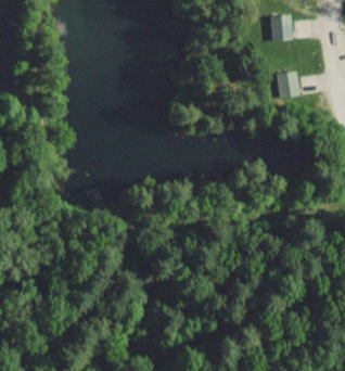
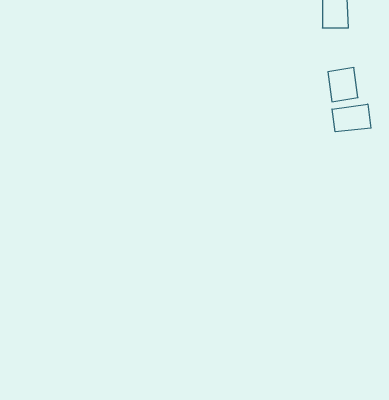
building: none -> [332,104,371,132]

